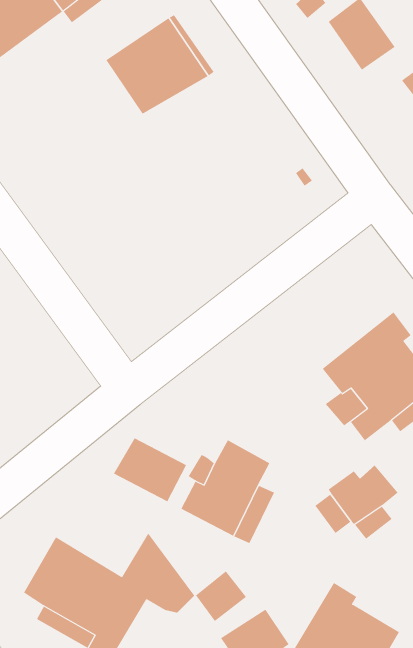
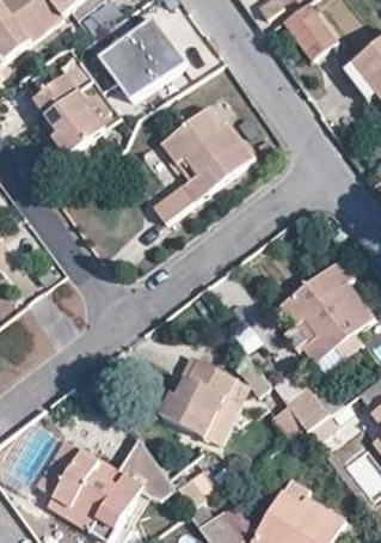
building: none -> [33,62,122,157]
building: none -> [153,110,252,222]
building: [113,438,187,502] -> none

